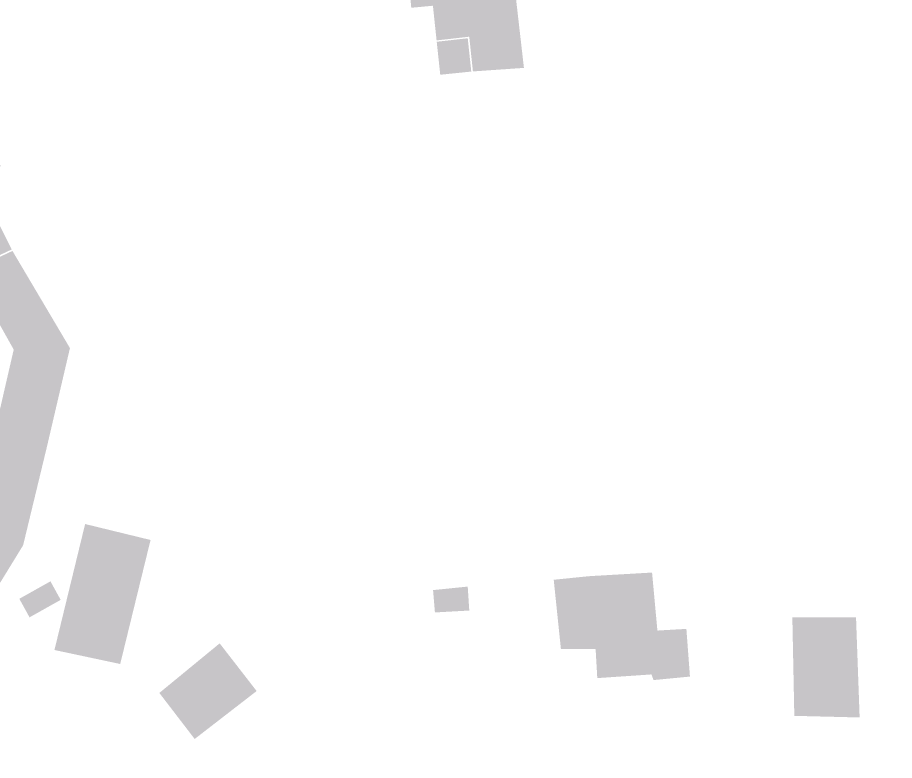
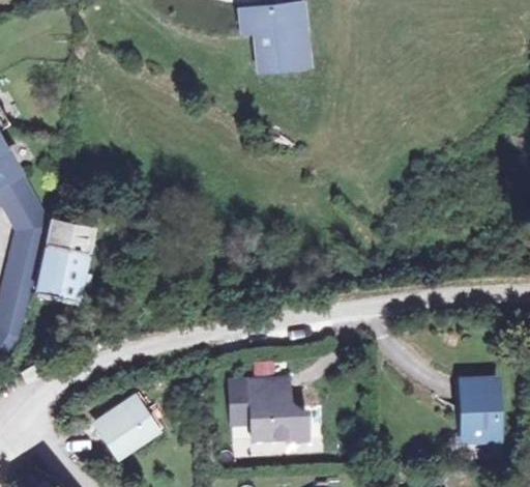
building: [54,523,152,665] -> [37,220,93,300]
building: [553,572,691,681] -> [227,379,305,441]

